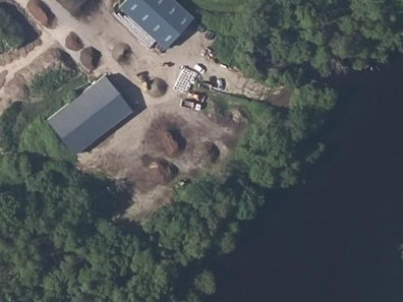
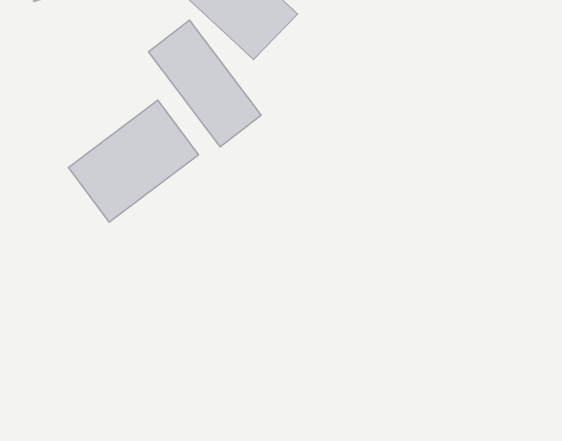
building: none -> [149,20,261,147]

